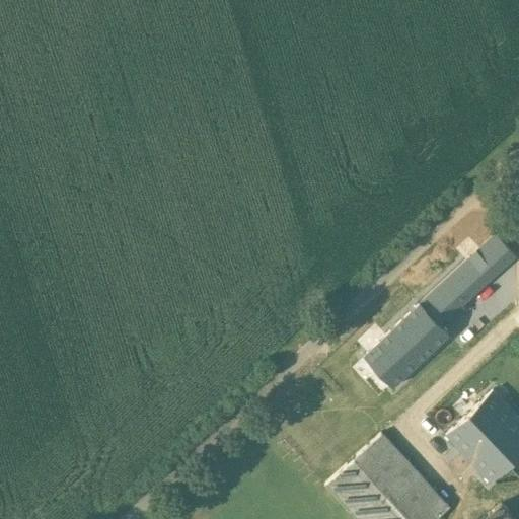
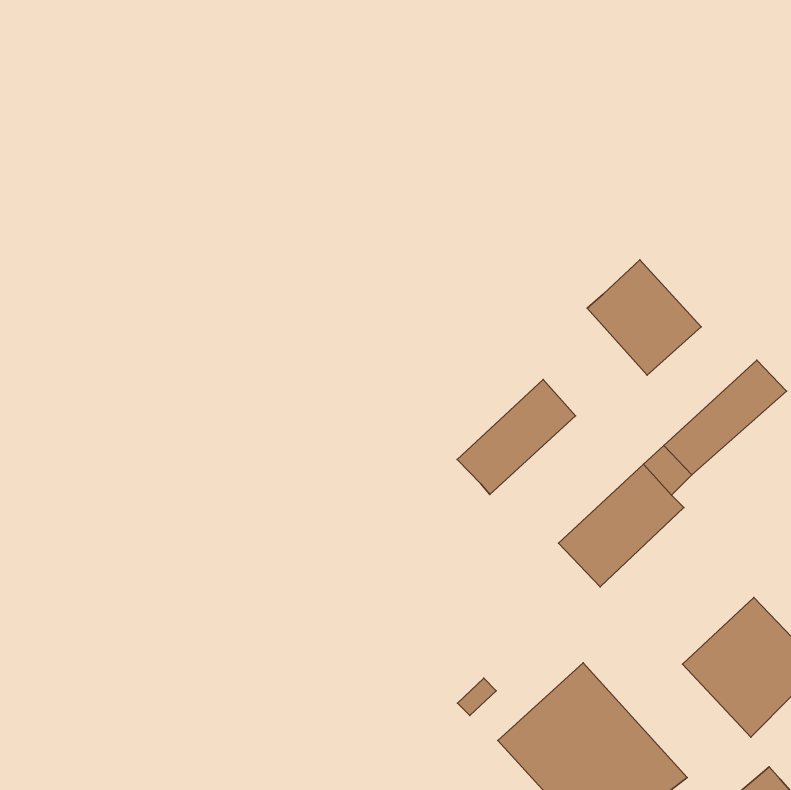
building: none -> [587,260,701,375]
building: none -> [457,379,576,495]

